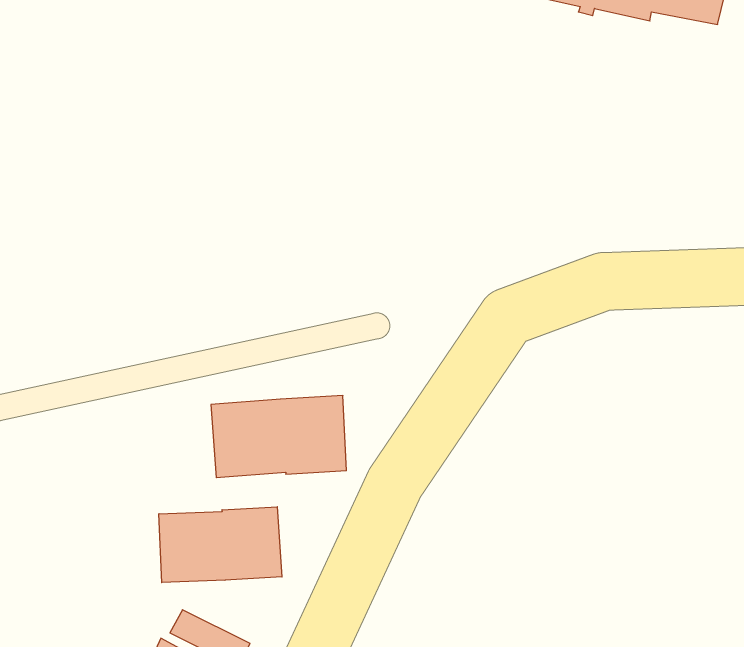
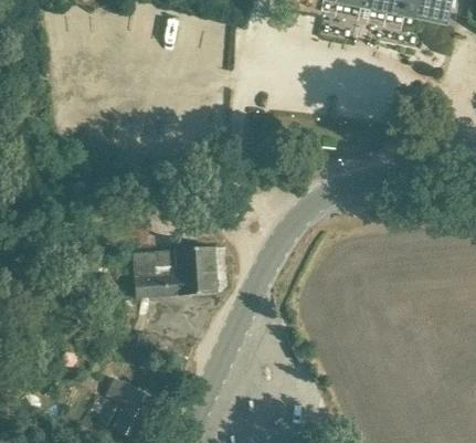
building: [159,507,282,583] -> none

